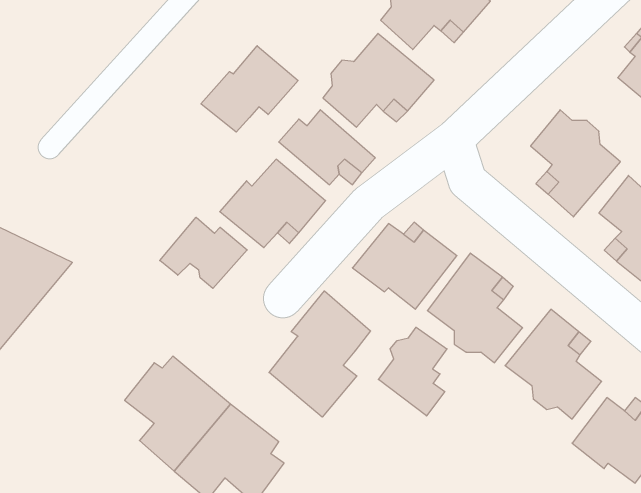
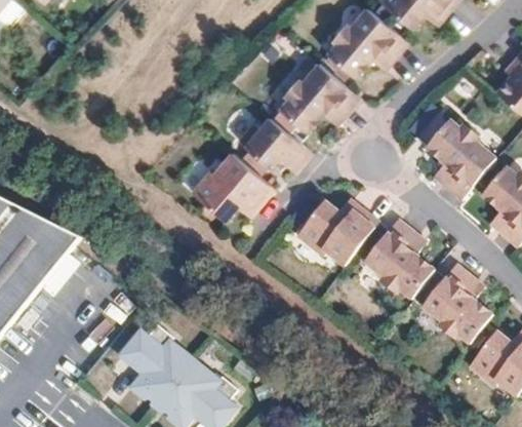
building: [201,46,298,132] -> none
building: [160,217,247,288] -> none
building: [269,291,371,417] -> none
building: [378,327,447,416] -> none

